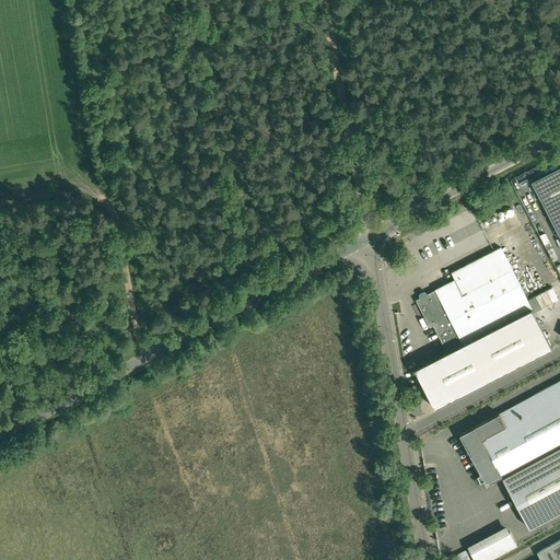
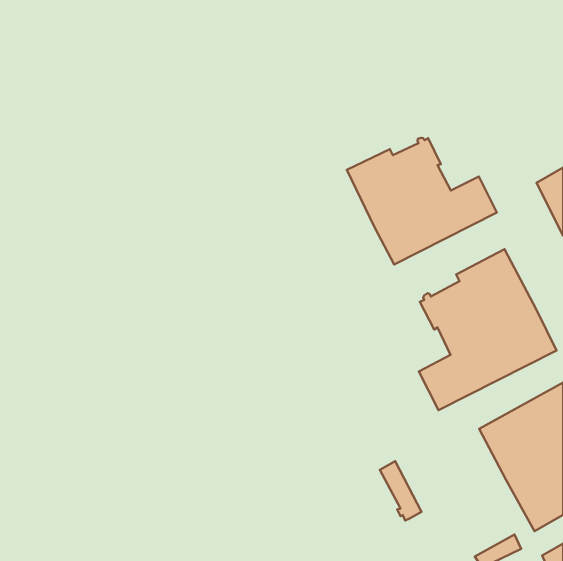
building: none -> [347,138,497,264]
building: [460,428,502,487] -> [380,461,422,521]

